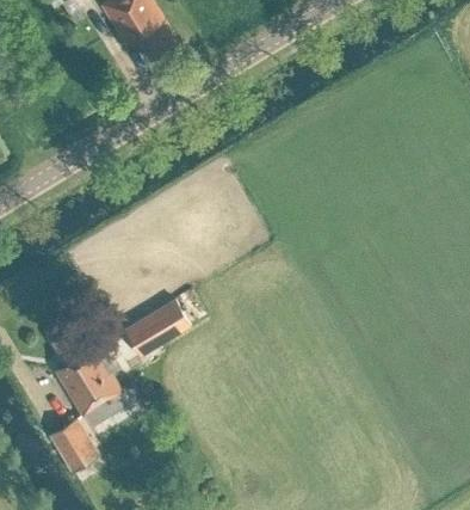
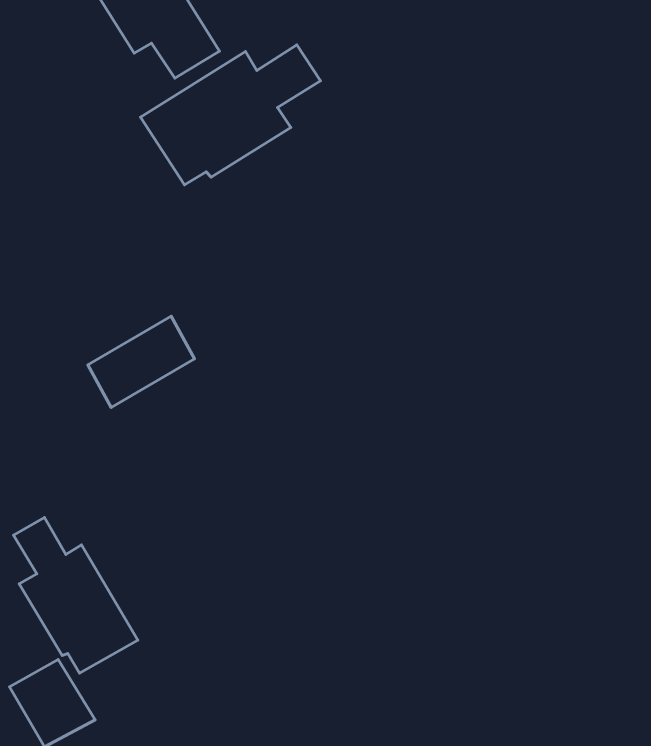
building: none -> [141,45,321,185]
building: [125,301,191,357] -> [88,316,195,408]

